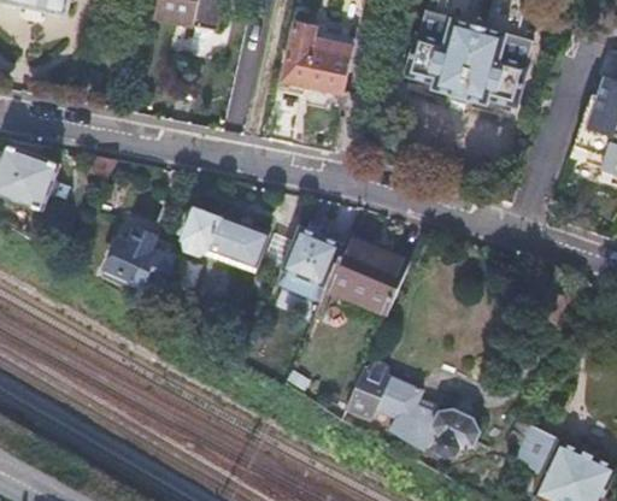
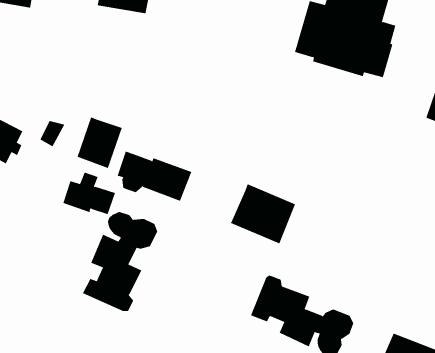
building: [282,22,354,98] -> none
building: none -> [77,116,123,169]
building: [271,231,340,308] -> none
building: none -> [82,211,158,312]

